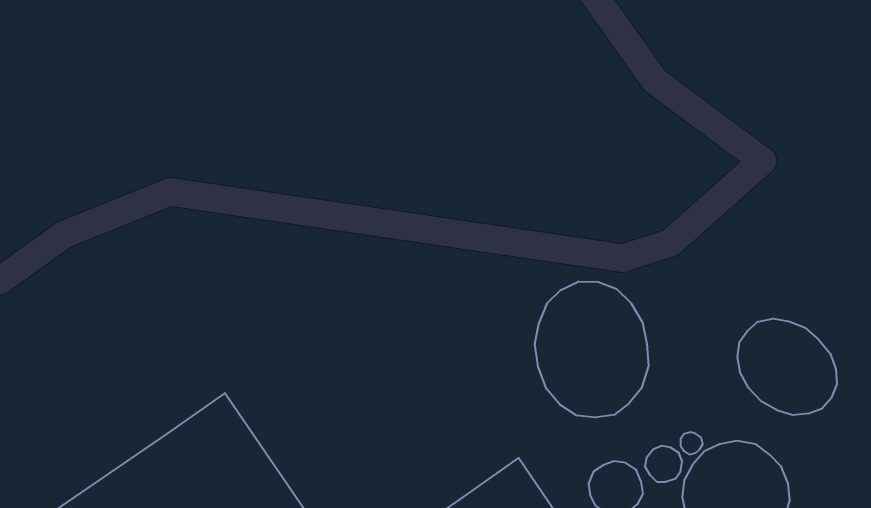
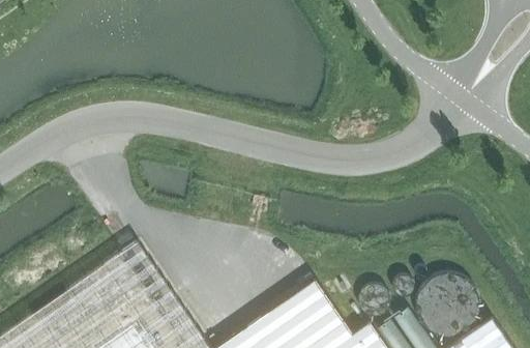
building: [535,281,649,418] -> none
building: [738,319,837,415] -> none

